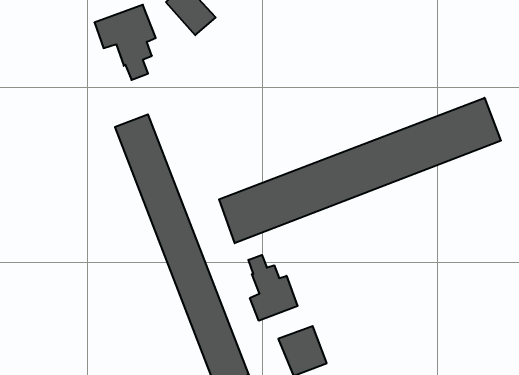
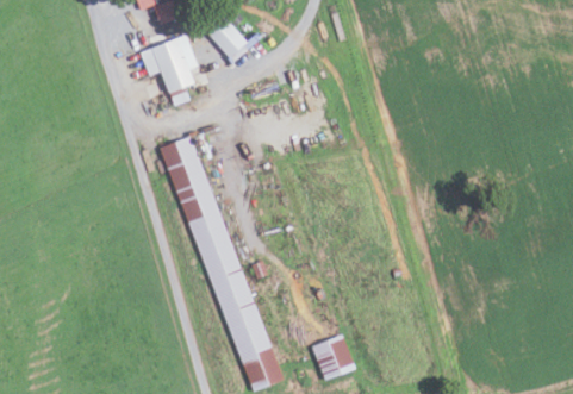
building: [219,98,501,243] -> none
building: [248,255,298,321] -> none

